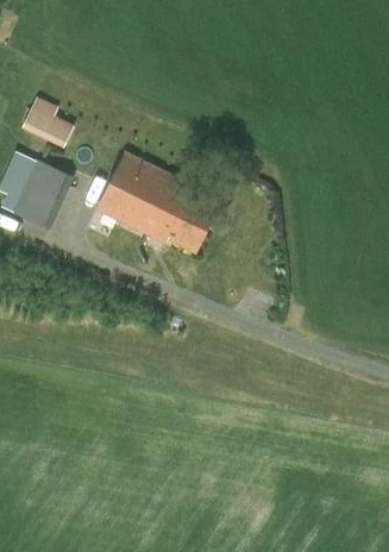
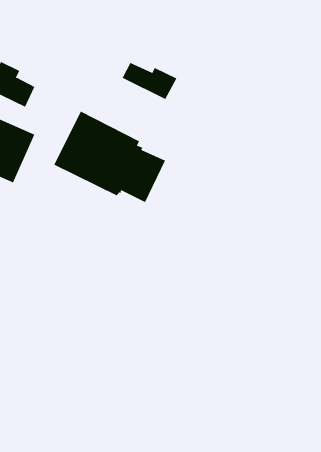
building: none -> [122,62,177,100]

